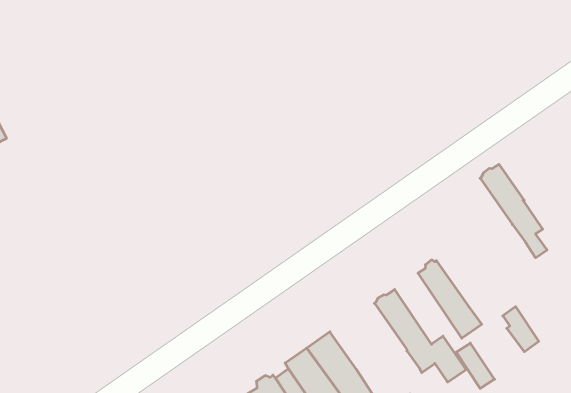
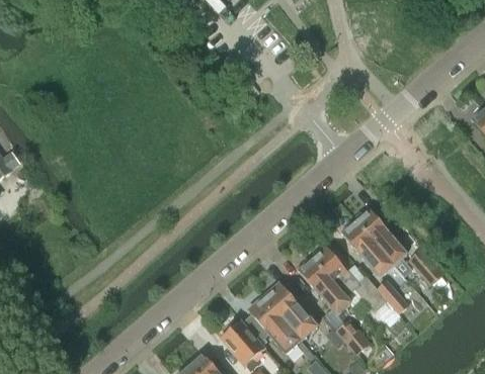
building: [480,164,547,258] -> [355,208,412,276]
building: none -> [299,258,351,315]

